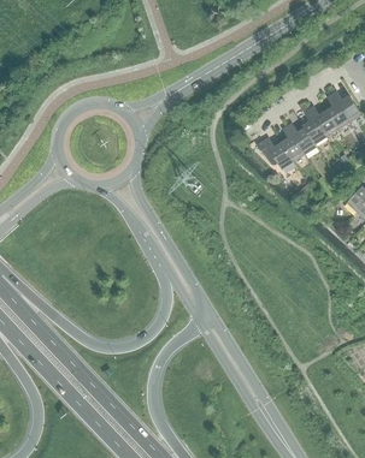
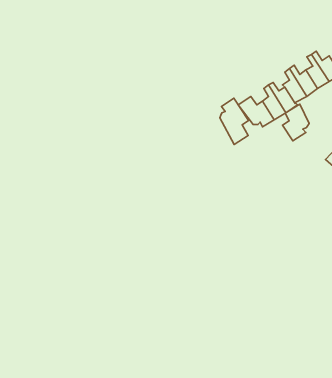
building: none -> [220,98,248,144]
building: none -> [283,104,309,141]

